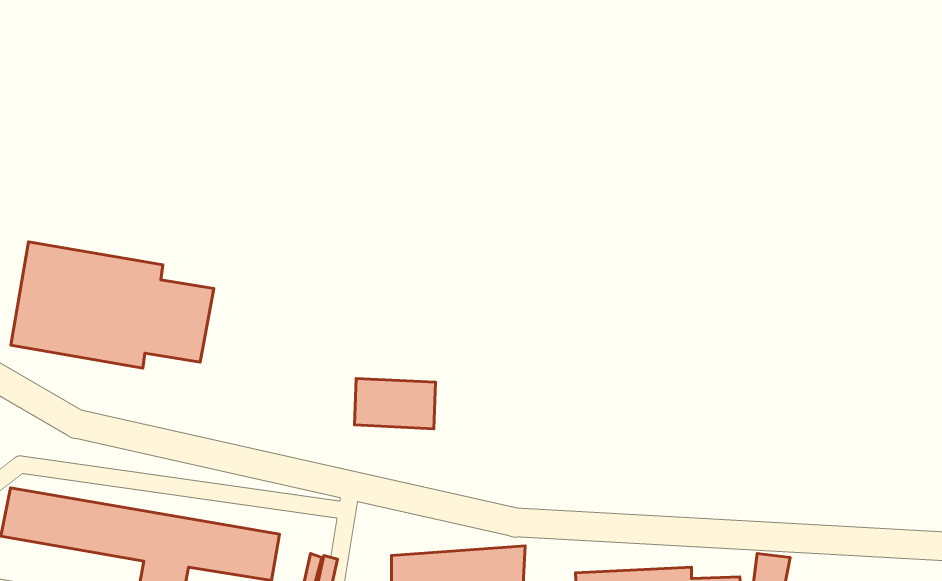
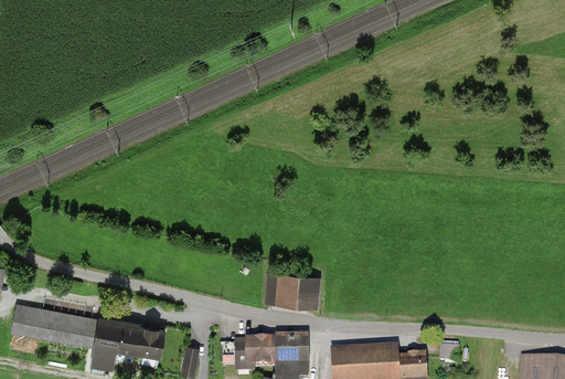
building: [11,242,214,368] -> none
building: [354,378,436,429] -> [274,276,320,305]

